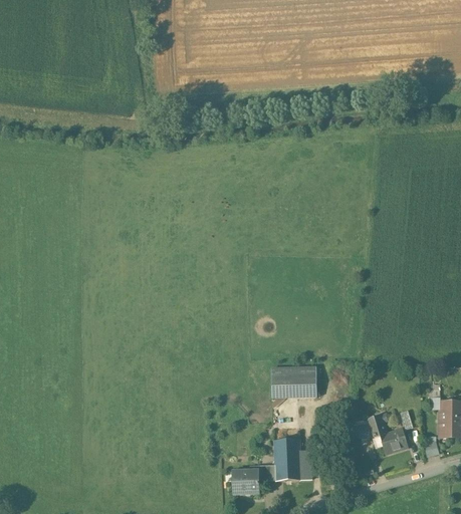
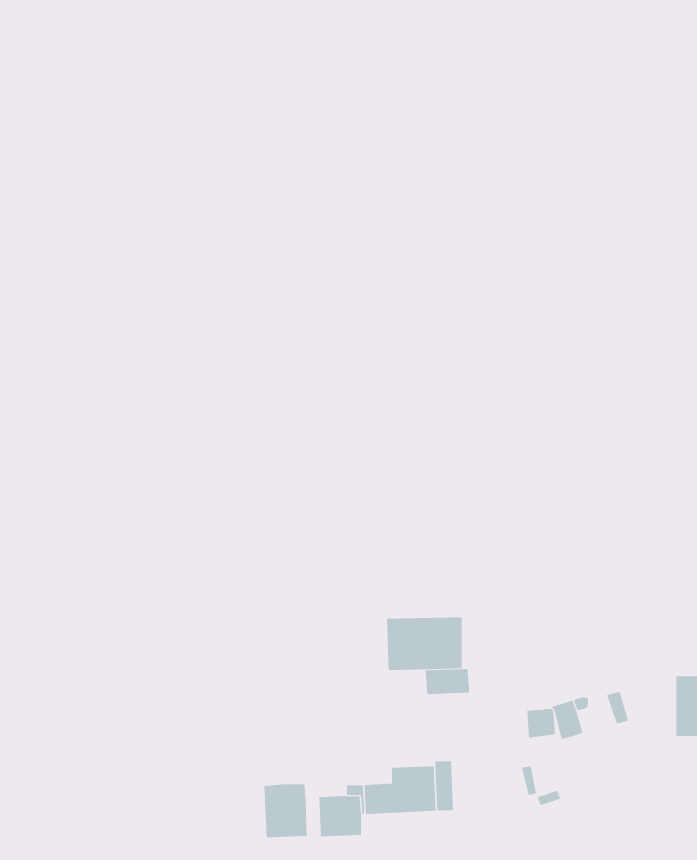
building: [381,429,408,453] -> none
building: [274,439,300,454] -> [425,669,470,695]
building: none -> [264,784,307,838]

